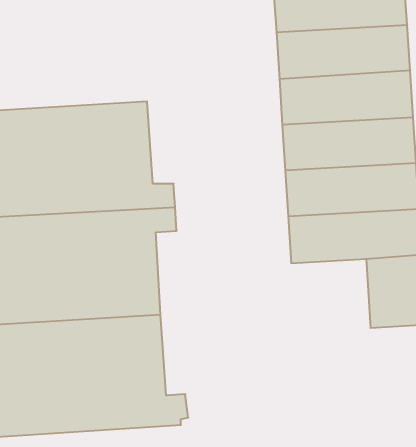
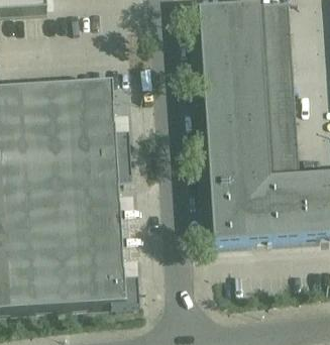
building: none -> [210,189,264,238]

